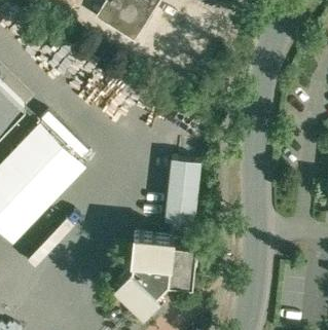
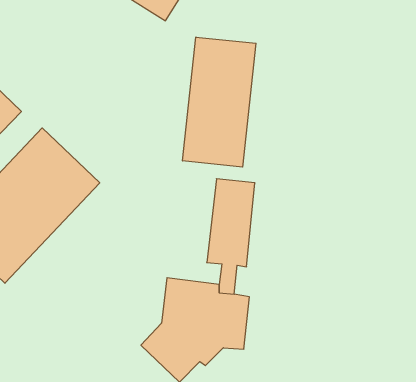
building: none -> [183,37,256,167]

